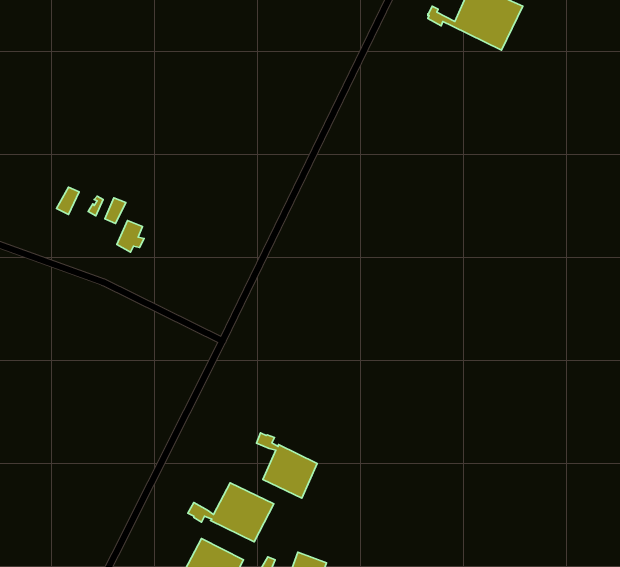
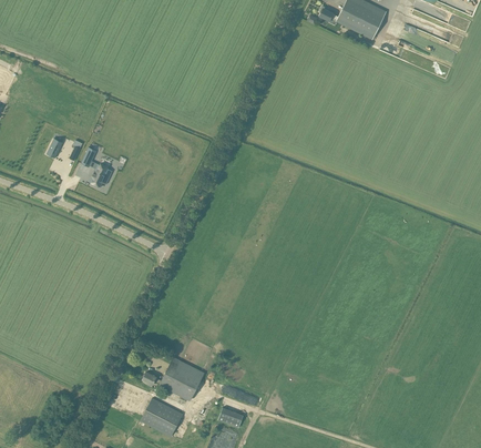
building: [257,433,317,498] -> none

